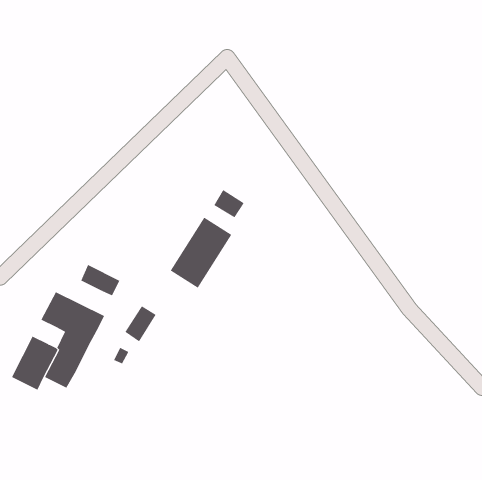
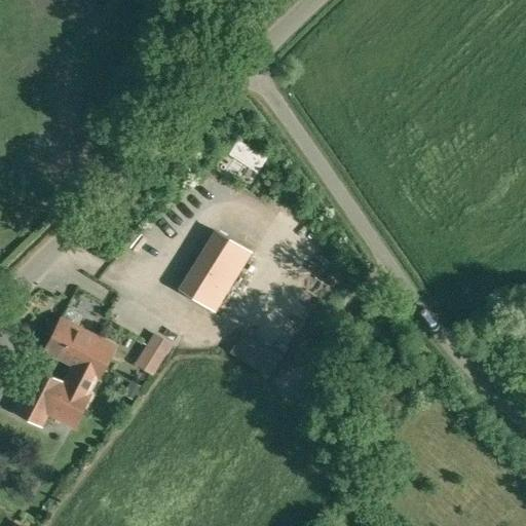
building: [214,189,244,218] -> none
building: [81,264,120,296] -> none

